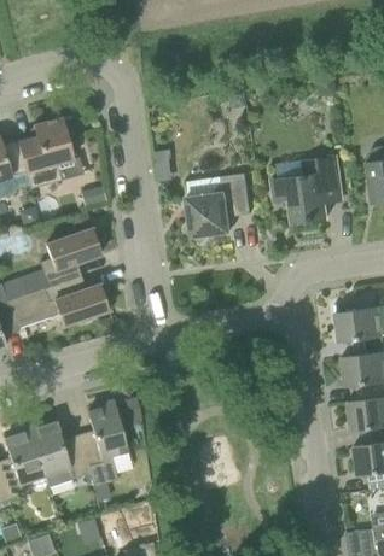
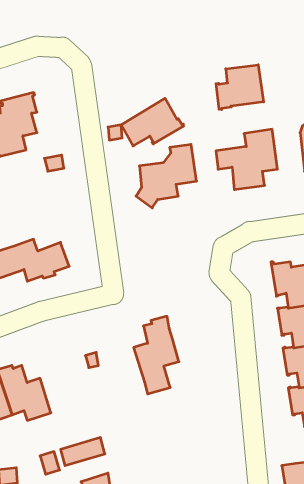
building: none -> [216,65,264,110]
building: none -> [121,98,183,146]
building: [40,228,100,287] -> none
building: [76,400,127,487] -> [134,316,179,394]

